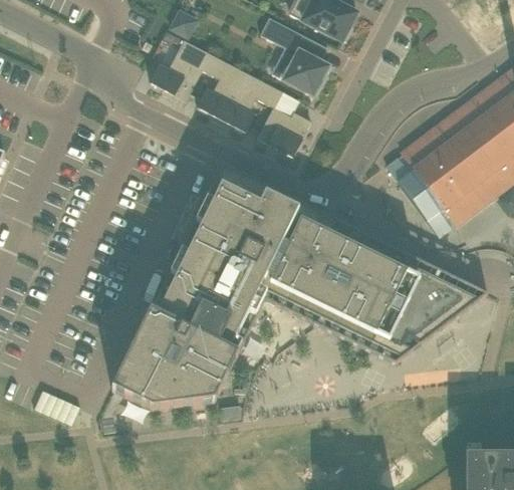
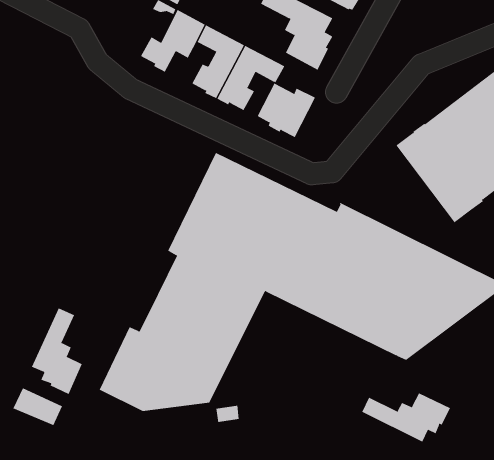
building: none -> [31,308,83,395]
building: none -> [361,392,451,442]

